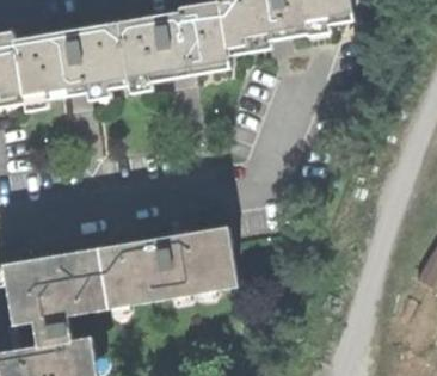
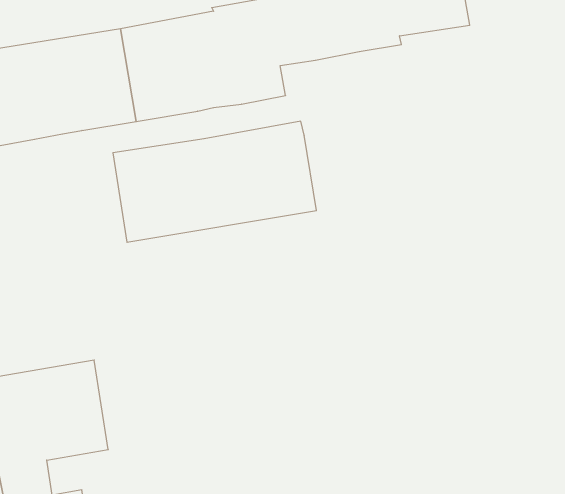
building: [97,227,235,309] -> [113,121,316,242]

